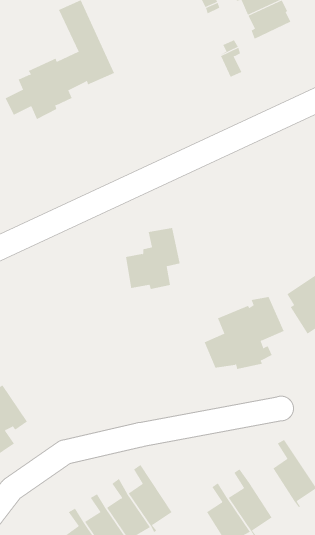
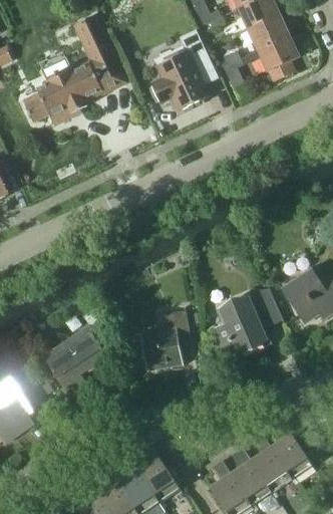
building: none -> [149,31,214,110]
building: none -> [254,35,298,81]
building: [125,227,181,290] -> [140,310,192,367]
building: none -> [42,326,107,398]
building: none -> [250,433,291,497]

